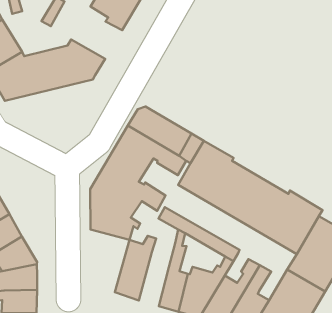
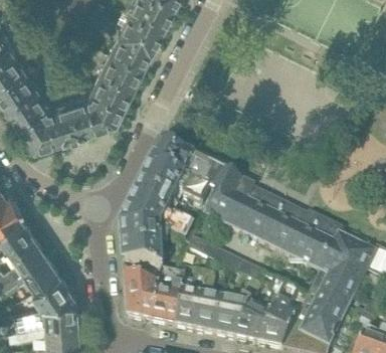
building: none -> [92,54,140,103]
building: none -> [124,264,161,322]
building: none -> [174,270,204,332]

